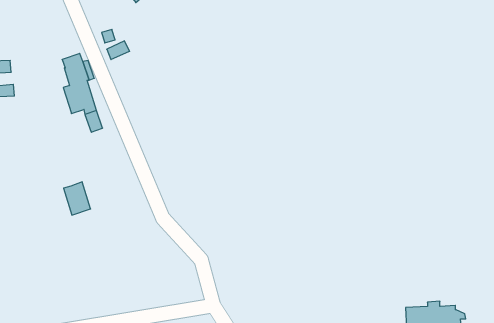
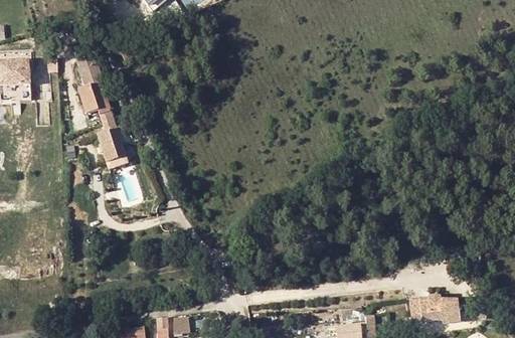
building: [64,182,91,215] -> [98,128,124,160]

